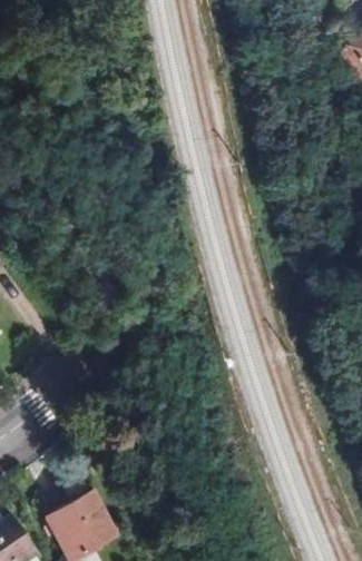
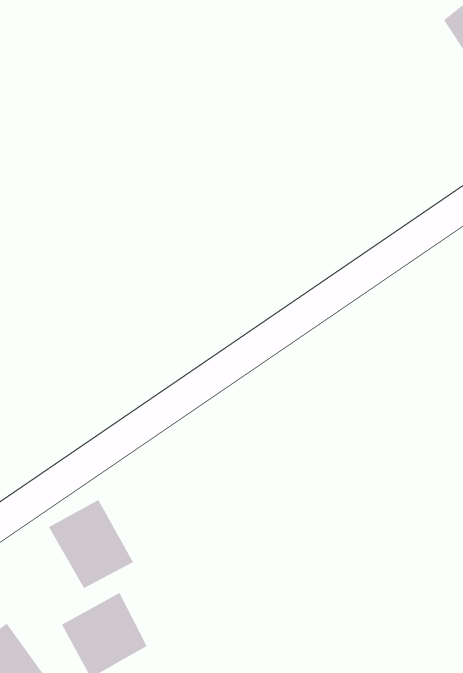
building: none -> [48,499,134,589]

